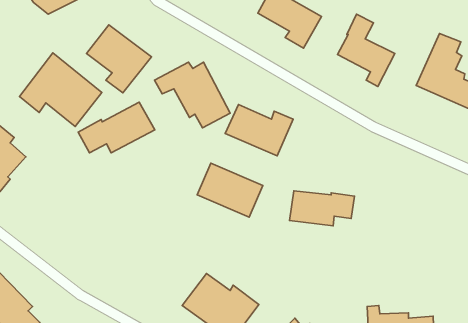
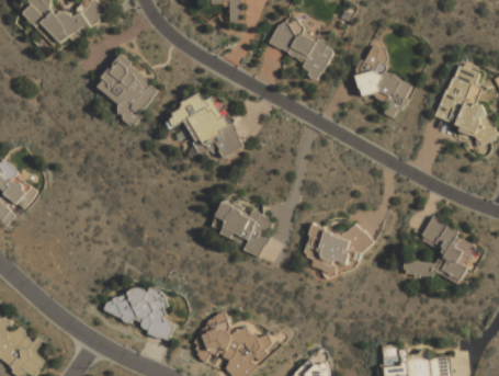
building: [20,53,102,126] -> none
building: [78,102,155,153] -> none
building: [225,105,293,156] -> none
building: none -> [402,220,477,284]
building: none -> [105,285,174,342]

